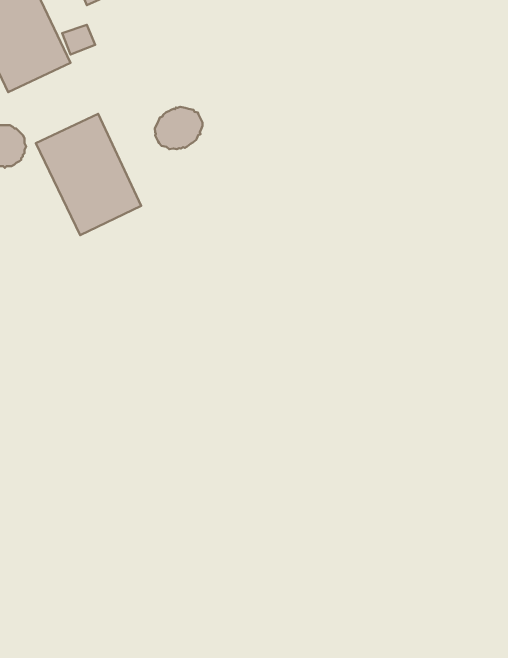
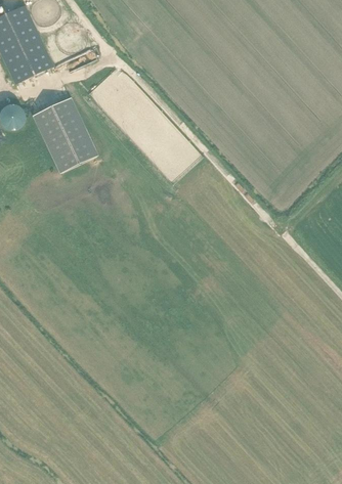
building: [155,107,203,149] -> none

